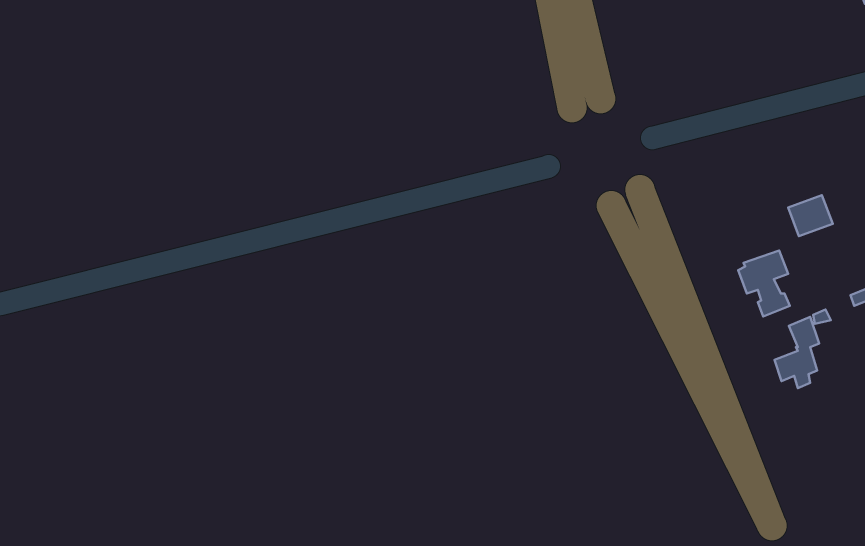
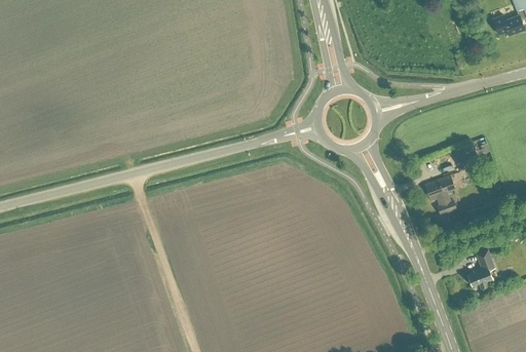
building: [774,317,819,388] -> [467,249,493,290]

